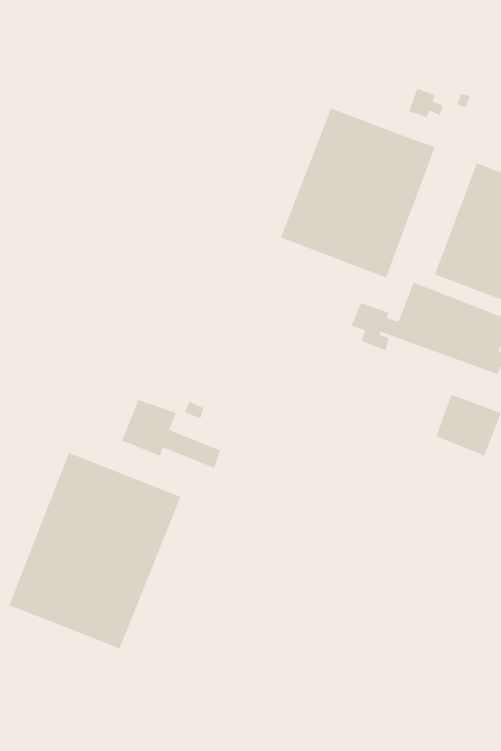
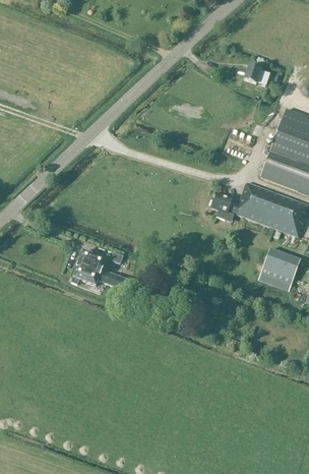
building: [280,107,436,278] -> none
building: [8,452,182,649] -> none

